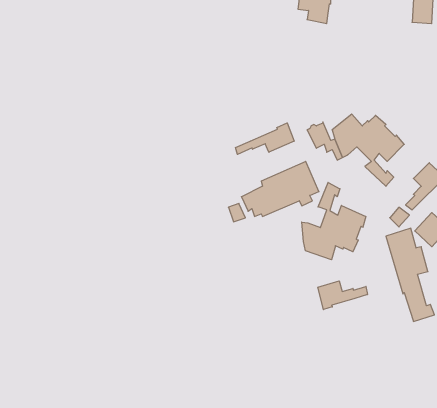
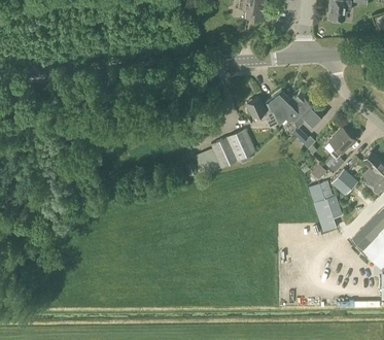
building: [236,123,294,154] -> none
building: [302,182,366,260] -> none
building: [318,281,367,310] -> none

